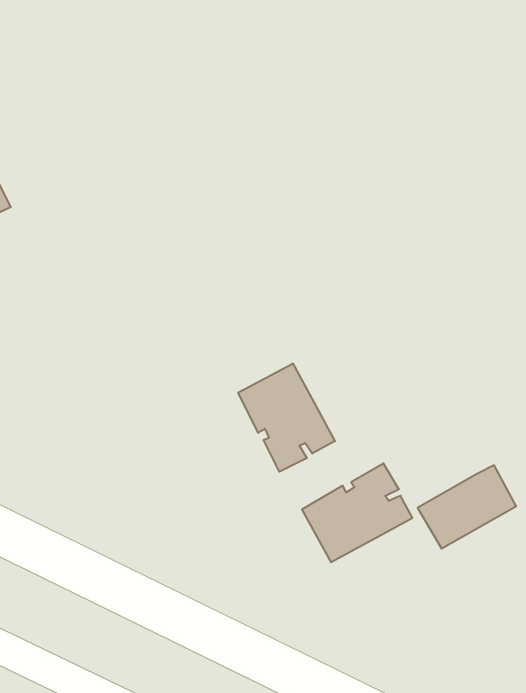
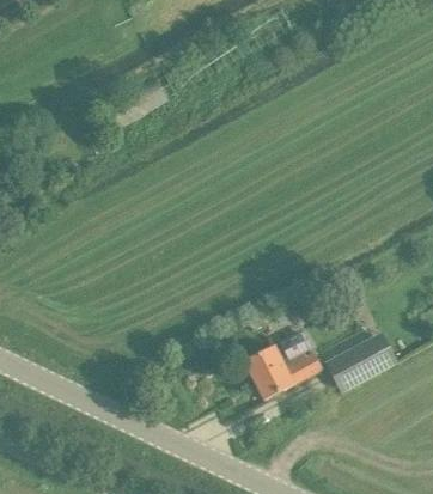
building: [238,363,335,472] -> none

